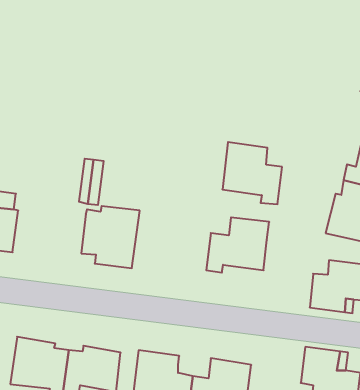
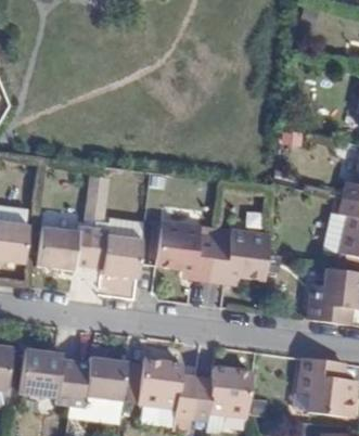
building: [222,142,282,204] -> [156,223,214,283]
building: none -> [41,227,93,273]

